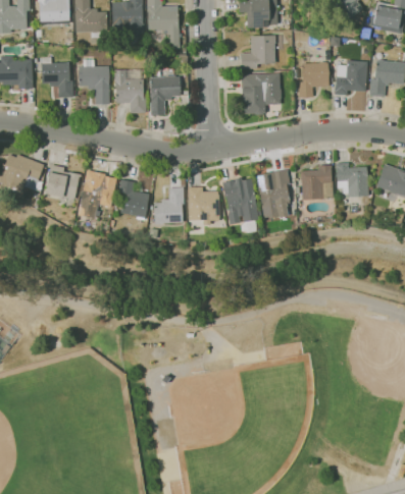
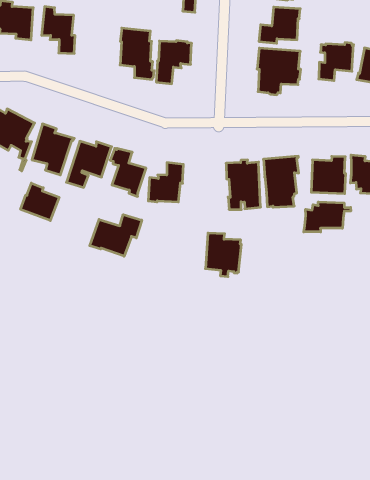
building: [79,59,109,104] -> none
building: [188,186,219,225] -> [205,233,241,277]
building: none -> [304,202,351,232]
building: none -> [21,183,59,221]
building: none -> [90,215,142,256]

